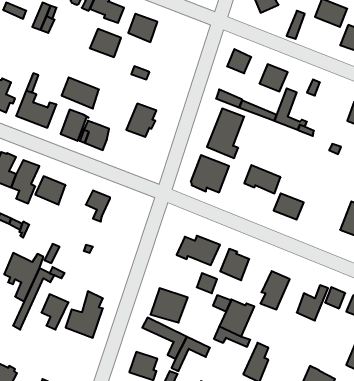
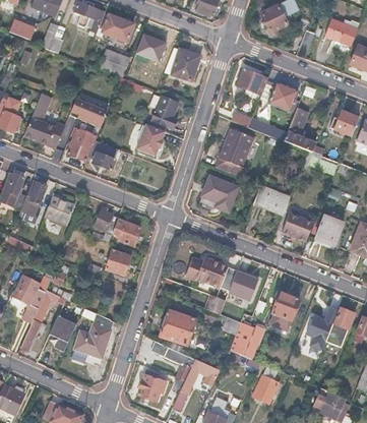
building: none -> [164,47,199,80]
building: none -> [151,96,176,128]
building: none -> [329,112,358,136]
building: none -> [315,216,343,245]
building: none -> [110,219,139,245]
building: none -> [105,249,130,275]

